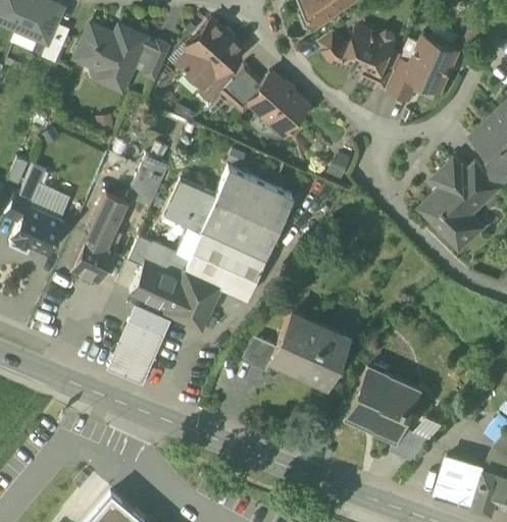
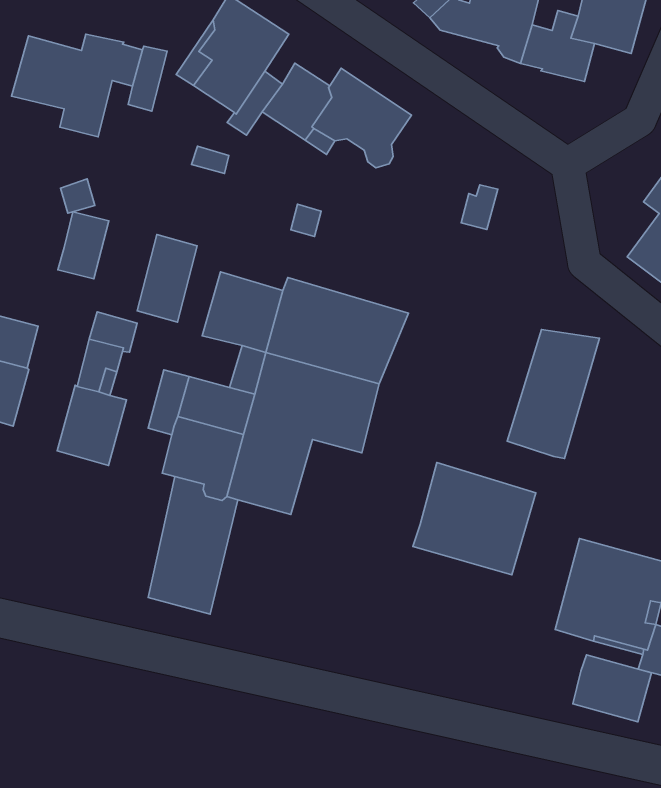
building: none -> [58,212,109,279]
building: [220,167,298,221] -> none
building: none -> [507,330,600,458]
building: [240,334,275,372] -> none
building: none -> [573,655,651,722]

